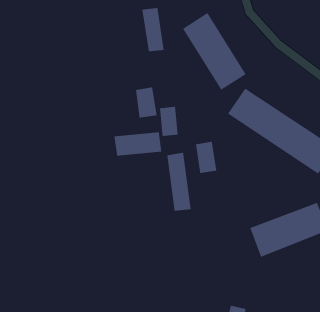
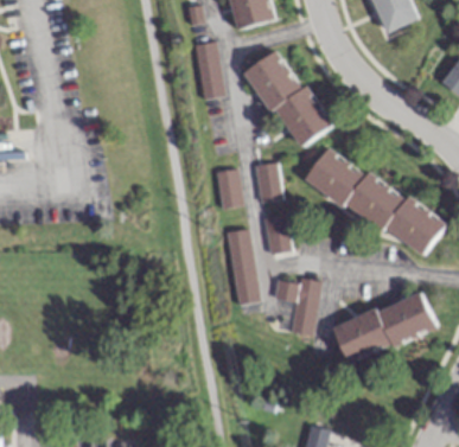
building: [135,87,157,118] -> [254,162,282,203]
building: [114,131,162,157] -> none
building: none -> [274,279,319,336]

